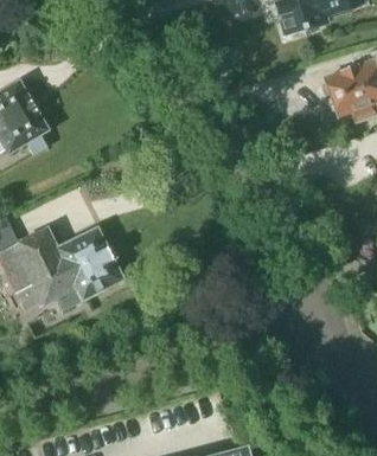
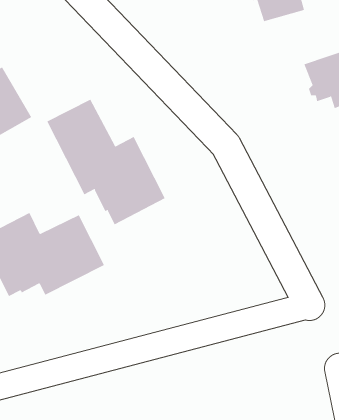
building: none -> [46,99,166,225]

